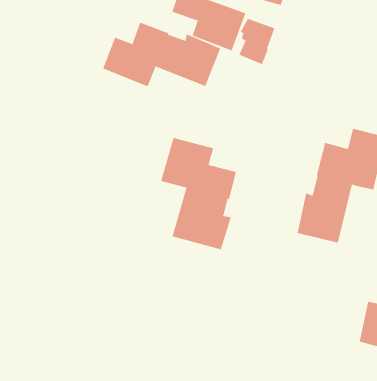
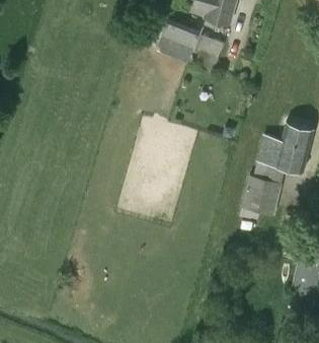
building: [103,22,221,87] -> none
building: [160,137,236,250] -> none

